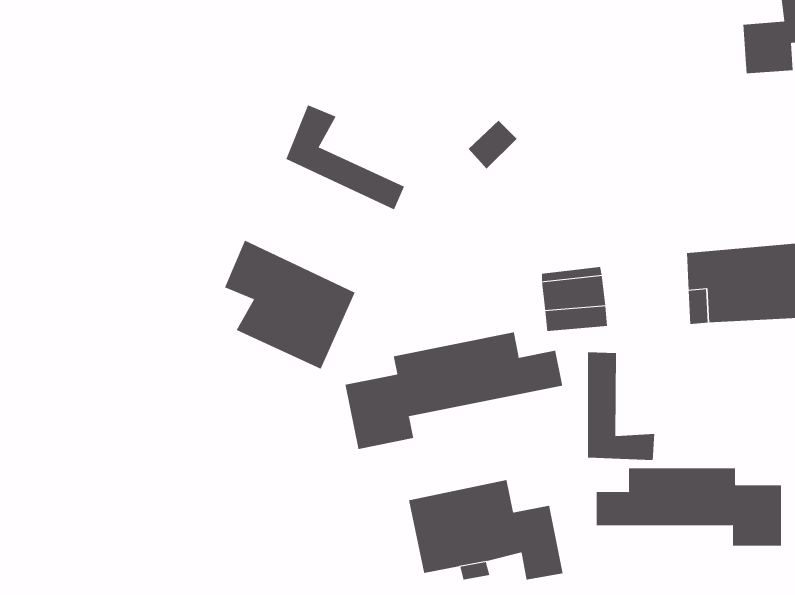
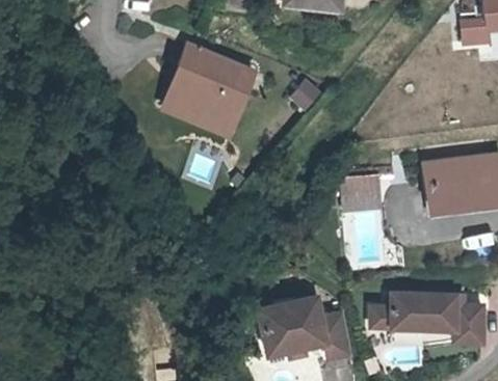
building: [224,240,355,369] -> [191,44,271,123]
building: [345,332,563,450] -> none
building: [588,352,655,461] -> none

